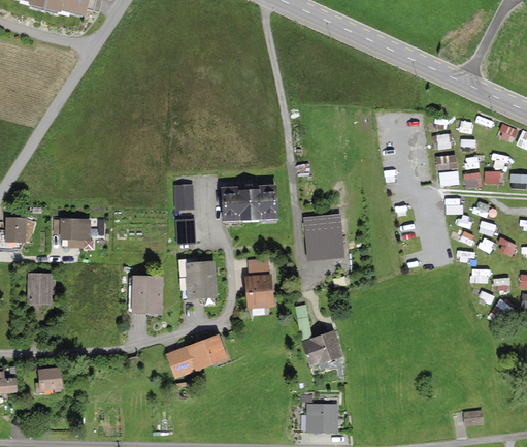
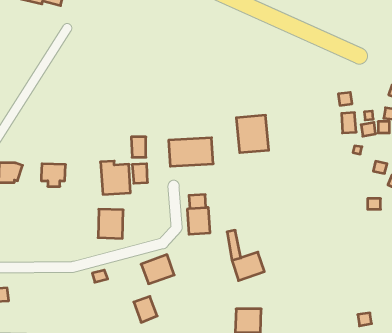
building: [303,214,344,261] -> [236,115,269,153]
building: [178,257,217,299] -> [100,161,130,194]
building: [27,274,55,304] -> none
building: [165,347,195,380] -> [134,296,157,322]
building: [34,368,62,391] -> none

